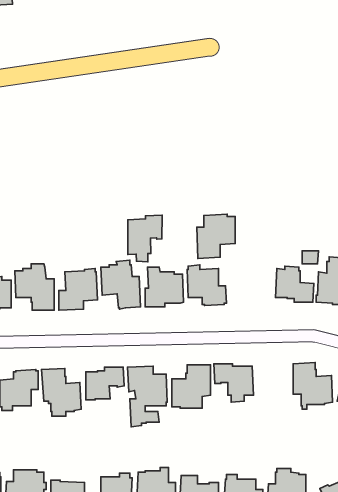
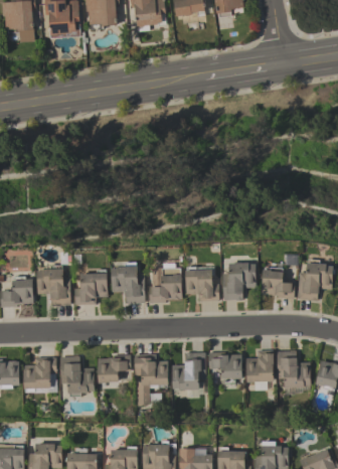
building: [197,214,235,258] -> [222,262,256,300]
building: [128,215,162,262] -> none
building: none -> [245,350,274,381]

